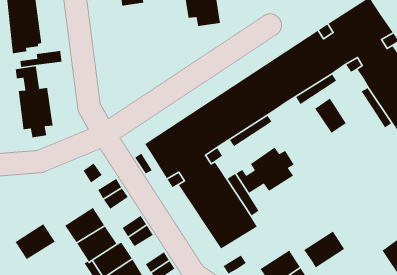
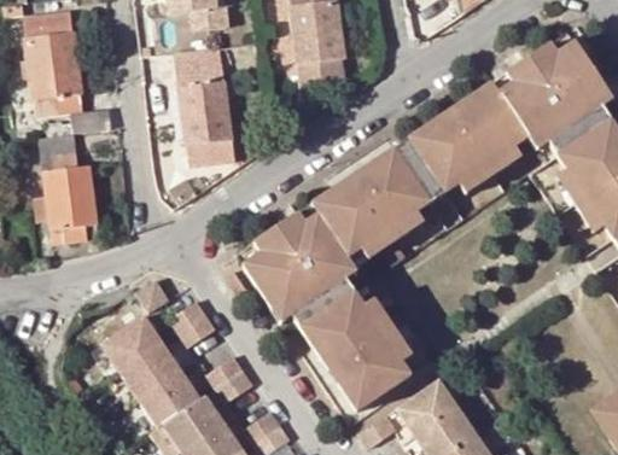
building: none -> [179,48,241,163]
building: [314,98,347,134] -> none
building: [235,146,295,194] -> none
building: [14,223,56,260] -> [100,316,162,372]
building: [303,230,345,268] -> [392,380,455,437]

